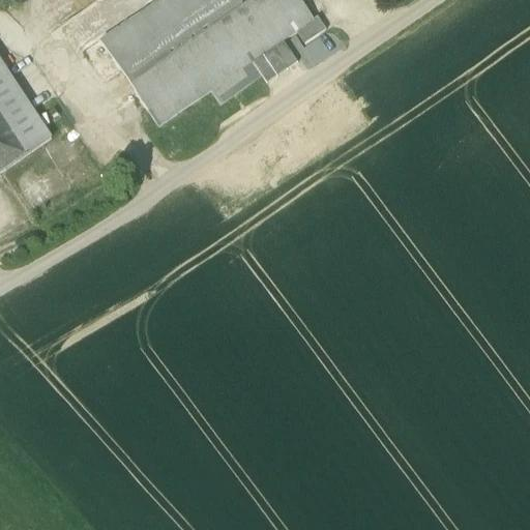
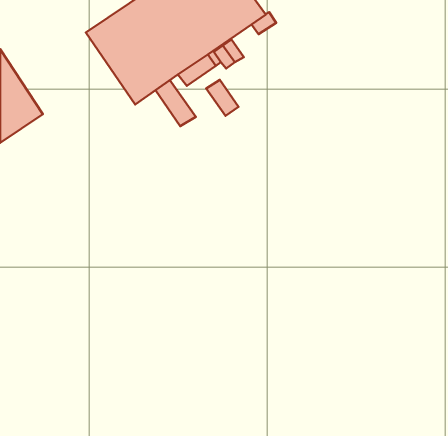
building: none -> [206,80,239,116]
building: none -> [155,80,196,126]

